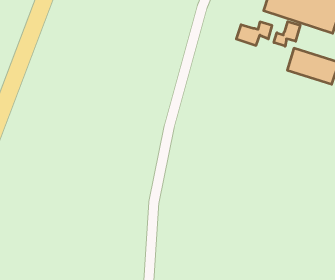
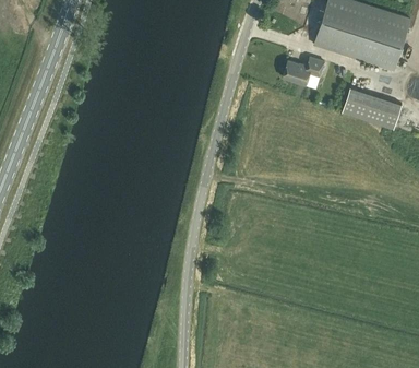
building: [274,22,300,46] -> none

